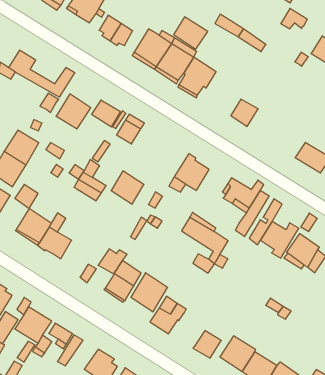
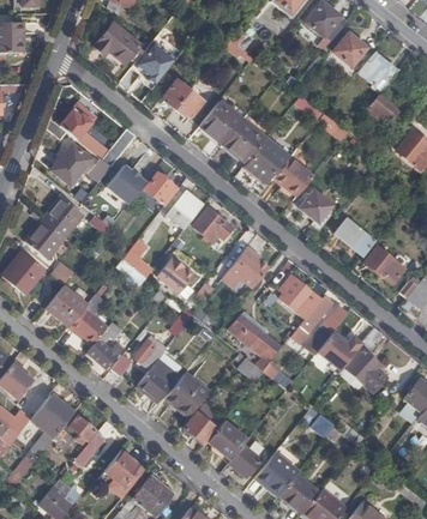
building: [174,17,208,49] -> [275,157,313,194]
building: none -> [52,144,90,183]
building: none -> [335,219,375,257]
building: none -> [193,209,230,241]
building: none -> [86,321,122,367]
building: none -> [208,421,247,459]

